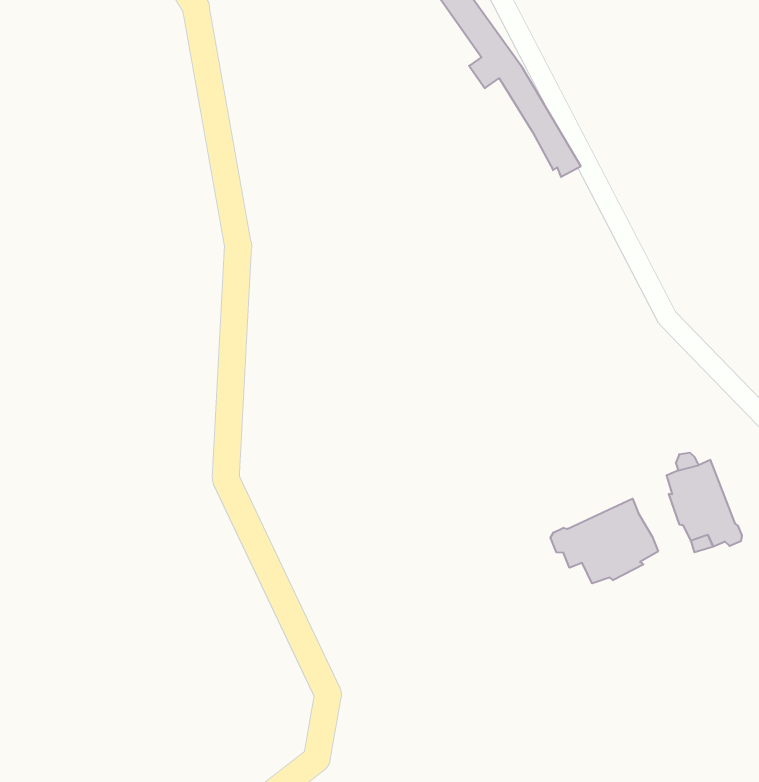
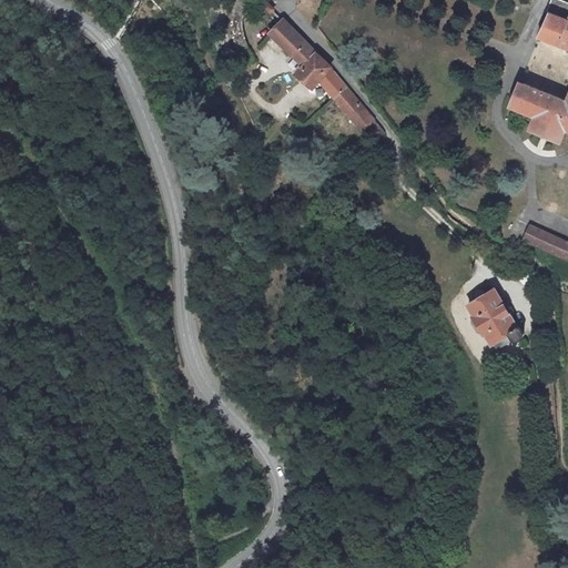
building: [551,499,658,583] -> none

